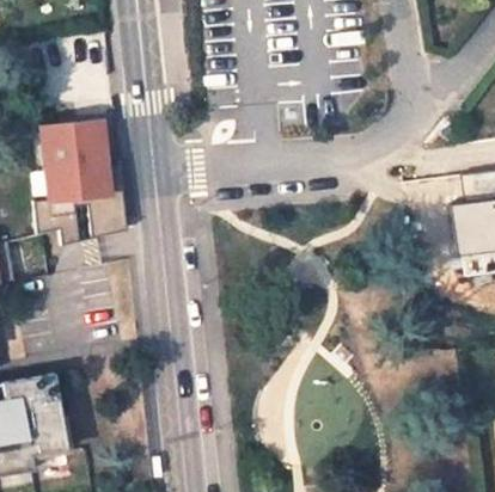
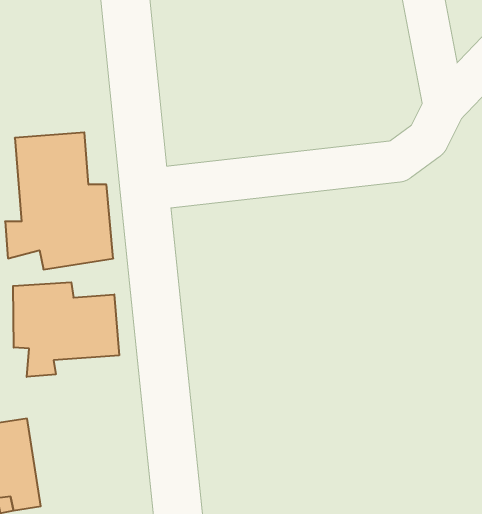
building: none -> [13,282,119,377]

